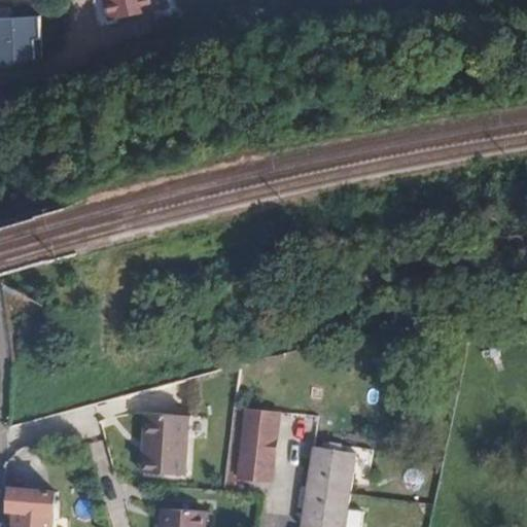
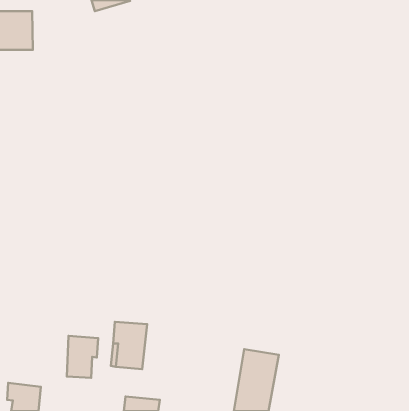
building: [238,410,278,482] -> none
building: none -> [67,336,98,378]

